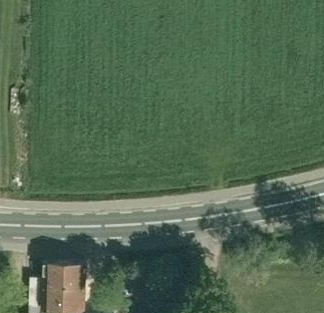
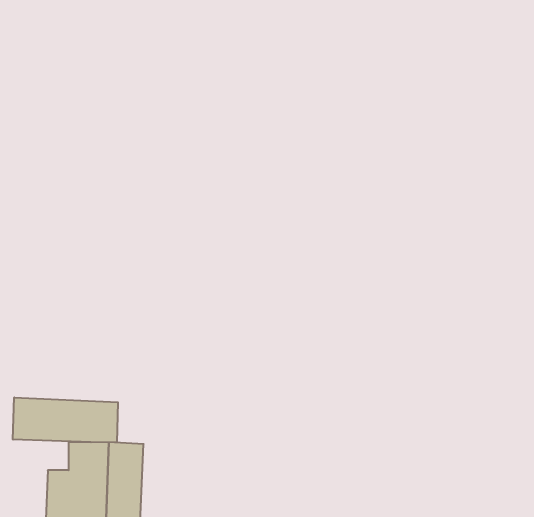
building: none -> [13,397,118,442]

